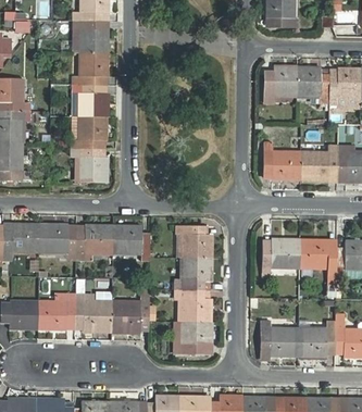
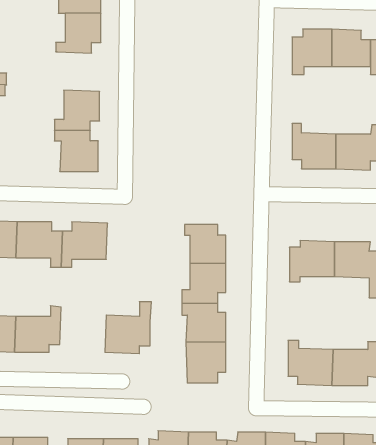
building: [73,84,108,116] -> none
building: [113,224,150,261] -> none
building: [75,292,113,329] -> none

